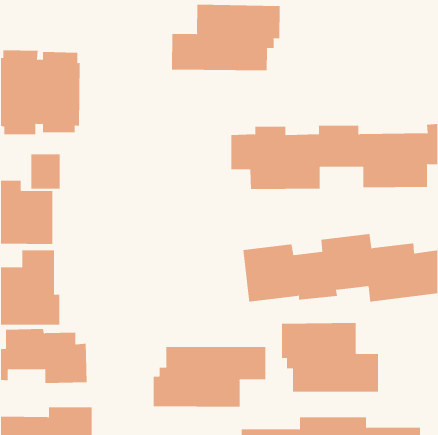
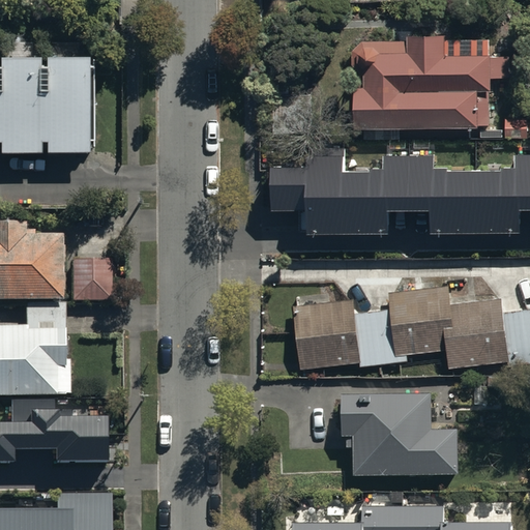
building: [172,4,280,71] -> none
building: none -> [351,30,507,126]
building: [30,154,60,189] -> [73,260,110,302]
building: [153,346,266,407] -> none

